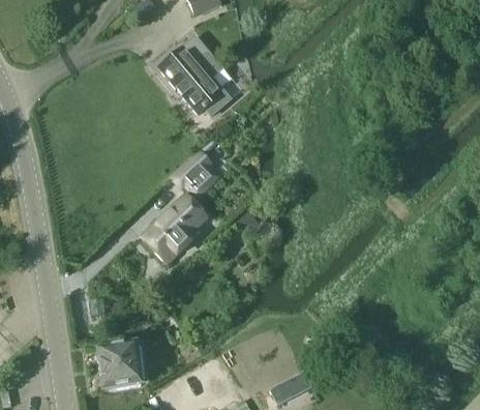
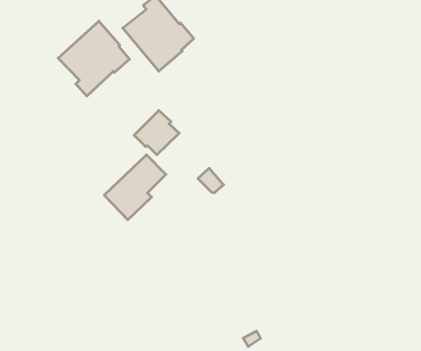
building: none -> [58,21,130,96]
building: [98,342,142,389] -> none

